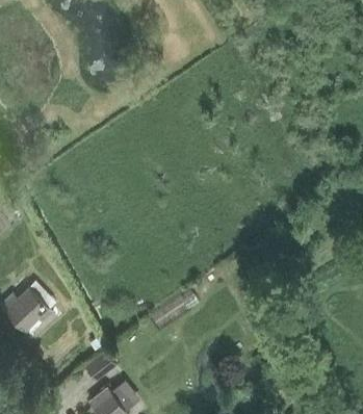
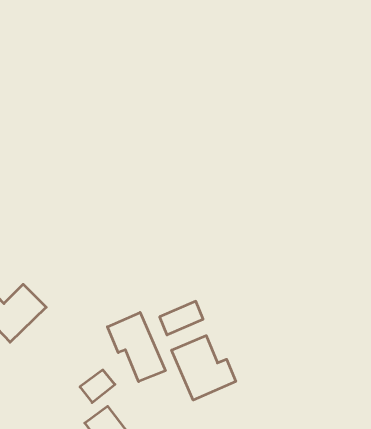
building: none -> [107,312,165,382]
building: none -> [172,336,236,400]

